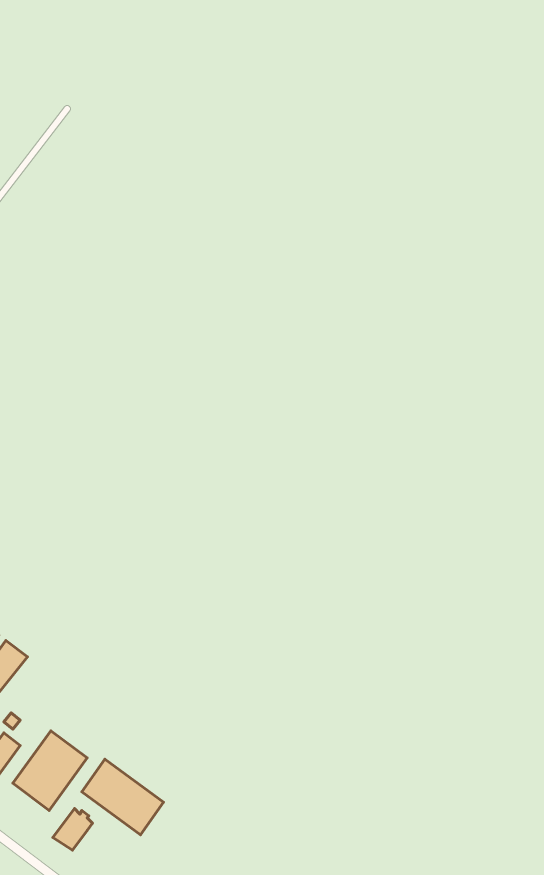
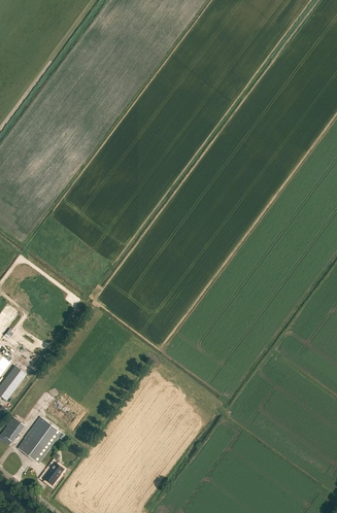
building: [82,759,163,835] -> none

